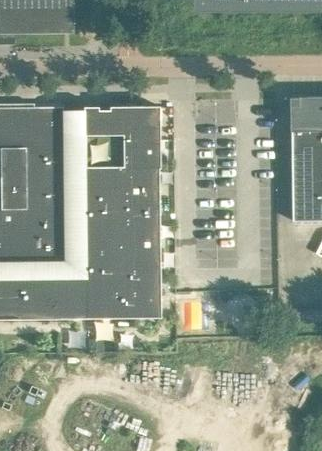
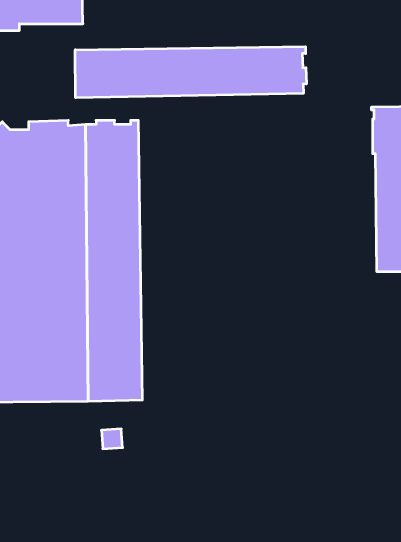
building: none -> [75,47,306,98]
building: [115,105,160,317] -> none

